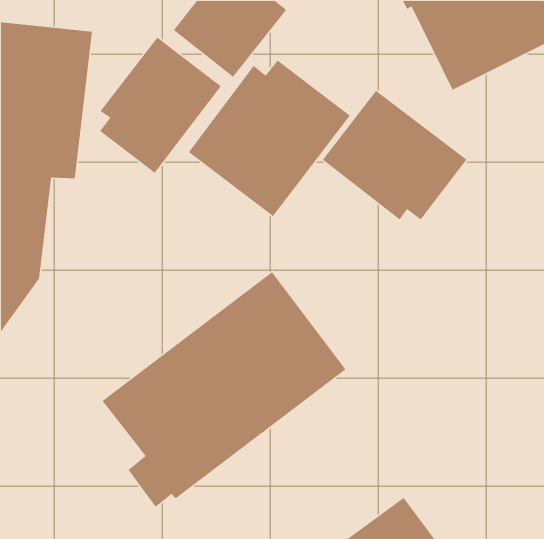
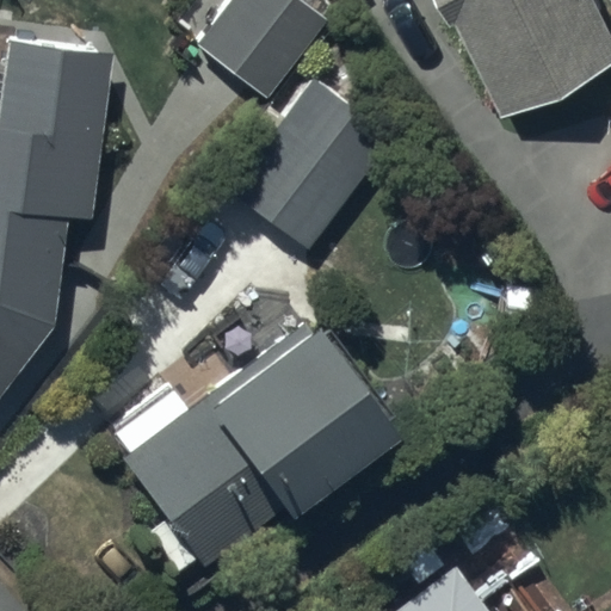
building: [99,37,222,174] -> none
building: [322,90,467,220] -> none

